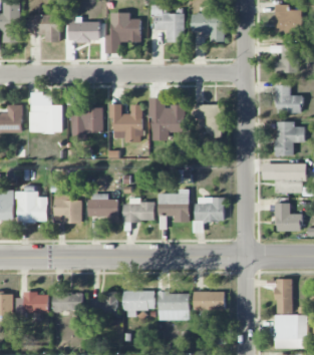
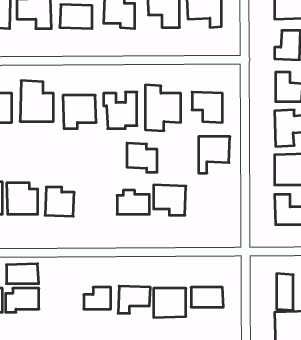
building: [89,194,118,222] -> [127,143,157,172]
building: [195,198,225,233] -> [199,137,230,173]
building: [53,292,84,311] -> [6,264,39,284]

